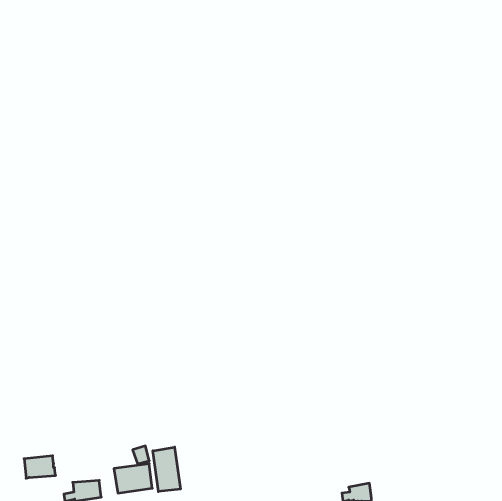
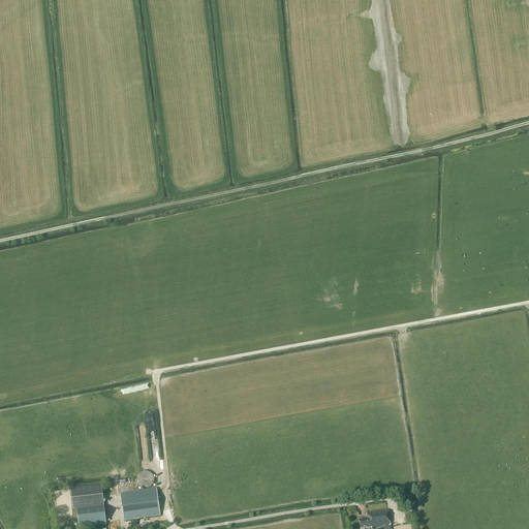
building: [153,447,180,492] -> none
building: [24,456,56,478] -> [71,485,104,508]

